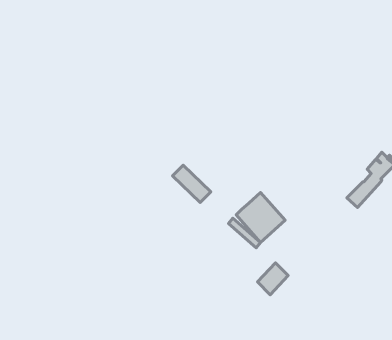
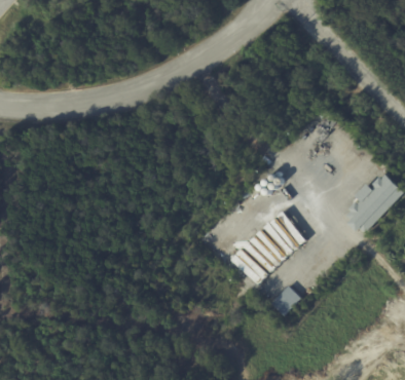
building: [172,165,211,202] -> [227,245,264,281]

